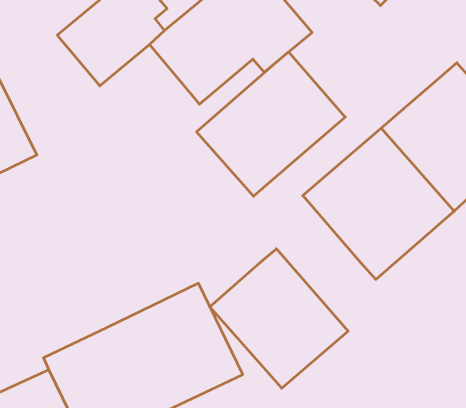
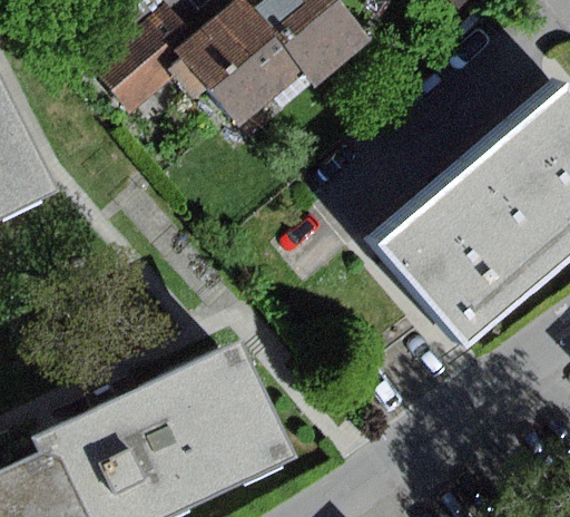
building: [197,52,345,196] -> none
building: [210,249,348,388] -> none

